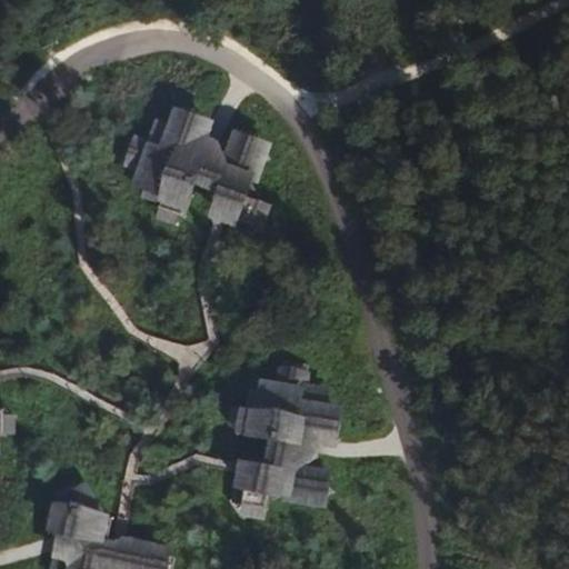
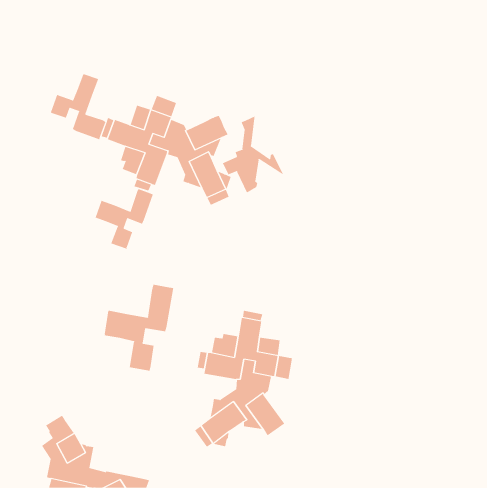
building: none -> [50,73,106,140]
building: none -> [222,116,284,193]
building: none -> [95,188,153,250]
building: none -> [104,284,174,371]

